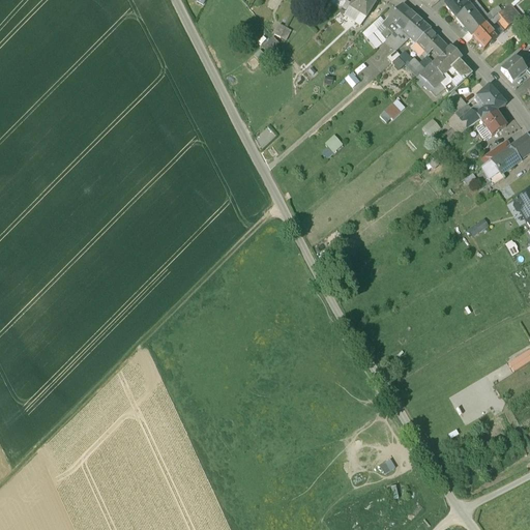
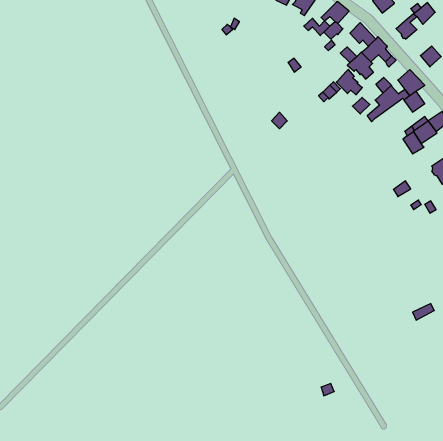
building: [457,4,487,34] -> none
building: [404,13,432,40] -> none
building: none -> [336,69,362,95]

